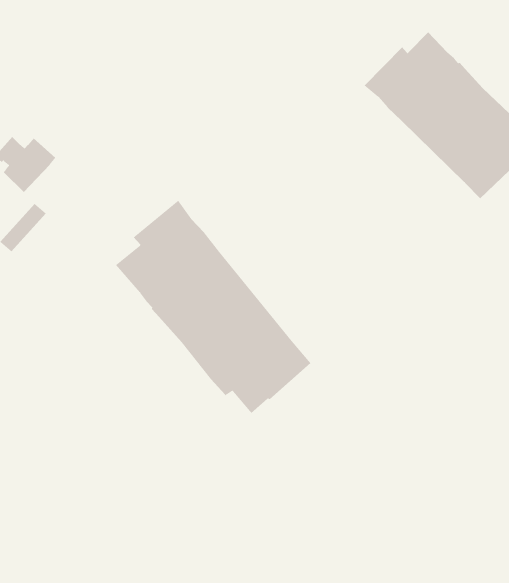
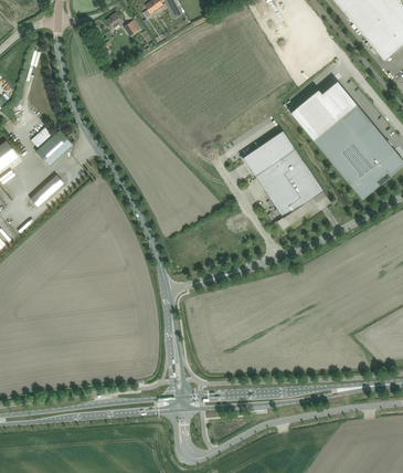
building: none -> [242,130,324,230]
building: [115,200,311,414] -> none

